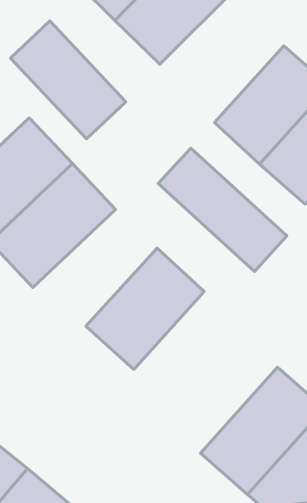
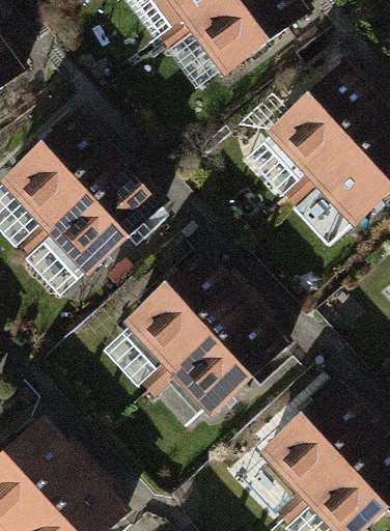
building: [10,21,126,139] -> none
building: [158,148,287,271] -> none
building: none -> [164,304,282,420]

